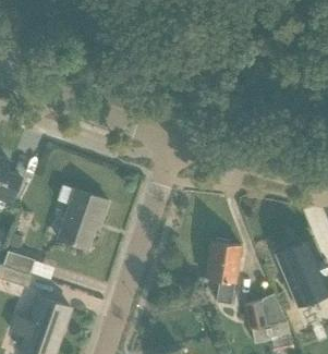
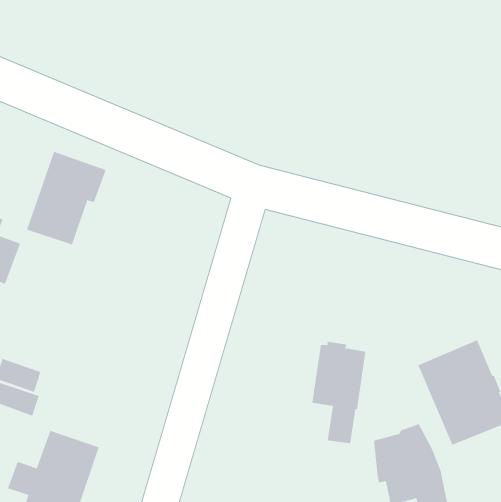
building: [58,190,109,249] -> [26,151,107,245]

